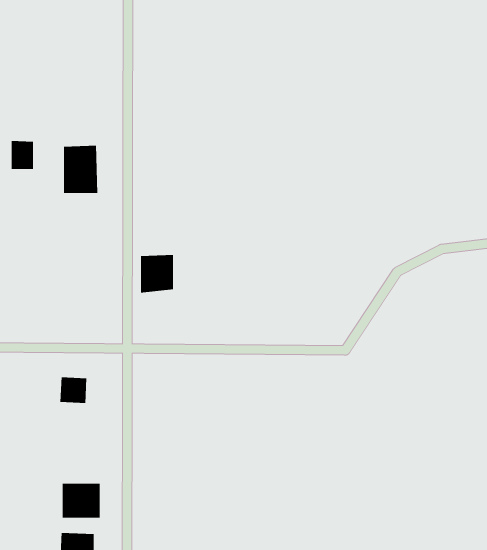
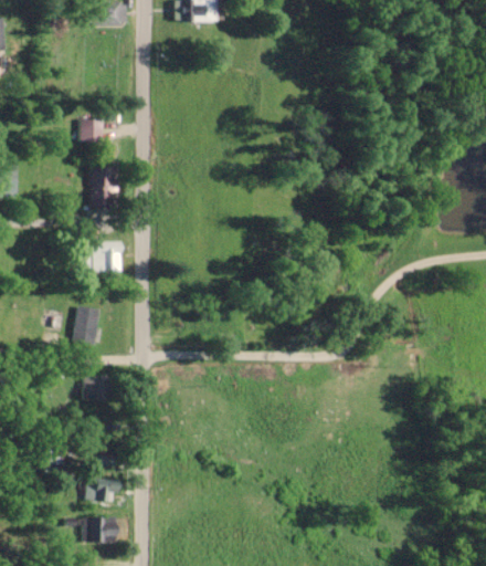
building: [11,140,34,169] -> [82,117,103,144]
building: [140,254,174,293] -> [92,242,123,277]
building: none -> [74,302,99,343]

